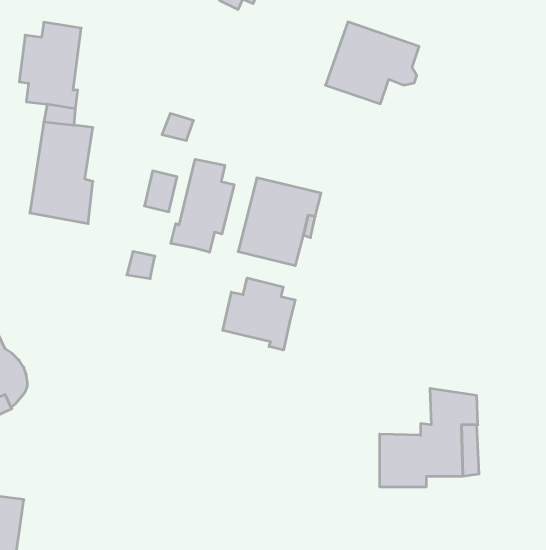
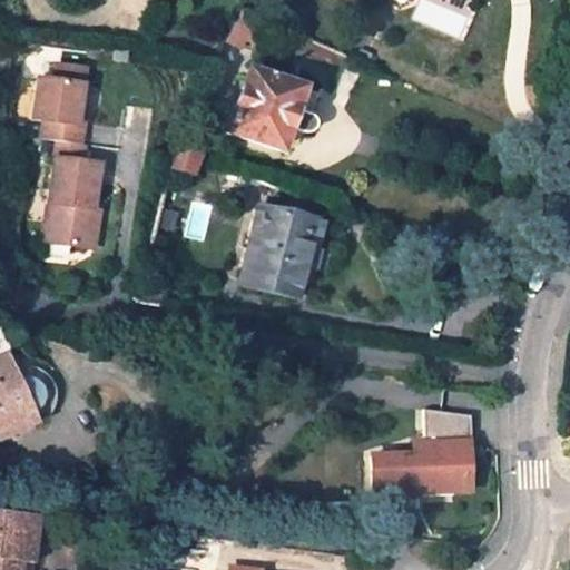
building: [325,22,419,104] -> [227,70,316,148]
building: [171,159,234,252] -> none
building: [223,278,295,350] -> none

